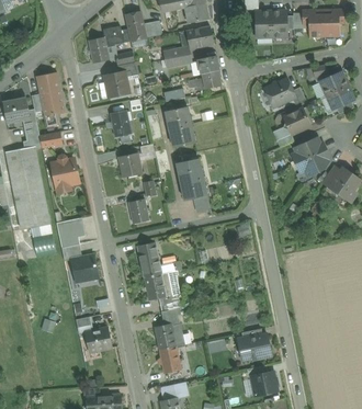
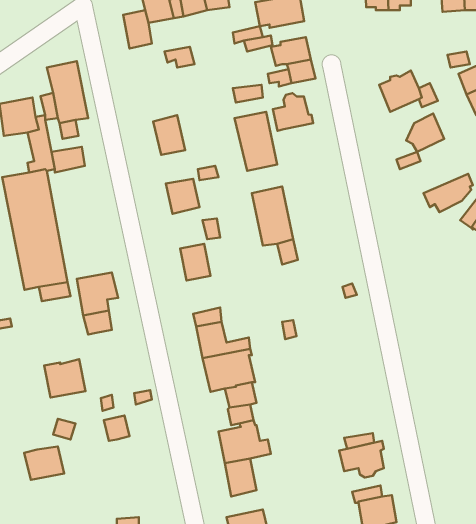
building: [104,71,129,98] -> none
building: none -> [273,93,313,131]
building: [292,137,327,163] -> none
building: [52,156,78,188] -> none
building: [70,255,99,282] -> [44,359,86,397]
building: [84,329,112,352] -> [24,446,64,480]

